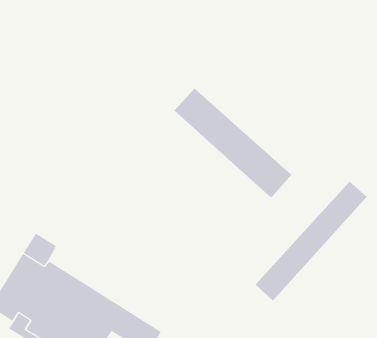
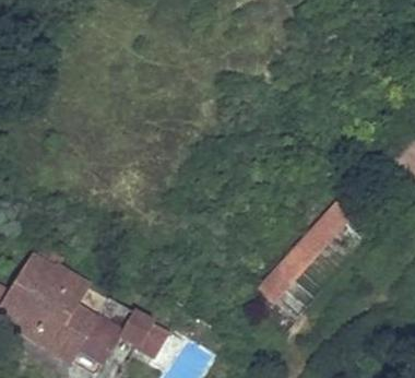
building: [174,88,292,199] -> none

